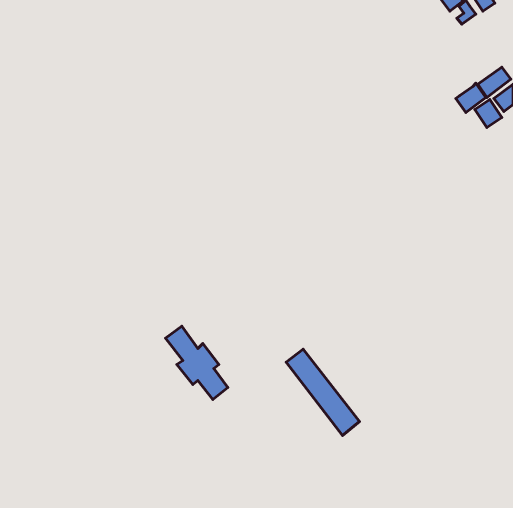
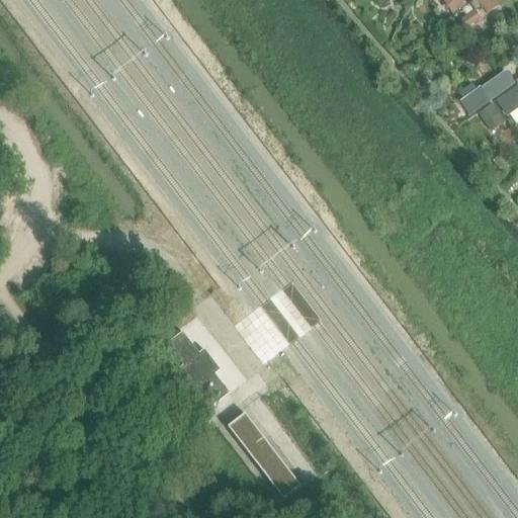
building: [286,349,359,435] -> [228,411,301,498]

